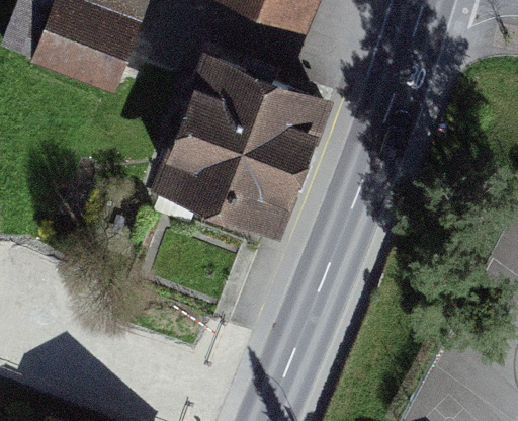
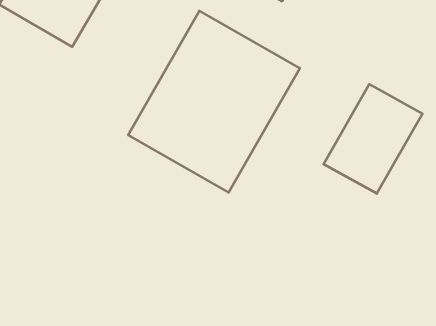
building: none -> [324,84,422,194]

